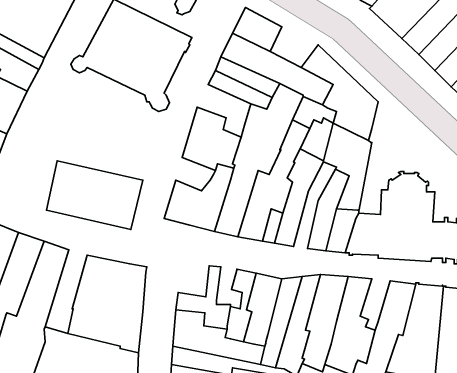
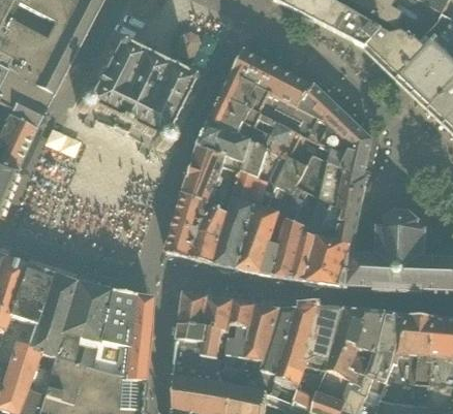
building: none -> [268,66,314,105]
building: none -> [198,122,249,172]
building: none -> [177,192,215,224]
building: none -> [291,196,332,280]
building: none -> [51,281,91,361]
building: none -> [179,292,209,326]
building: none -> [216,297,241,338]
building: none -> [355,309,384,358]

